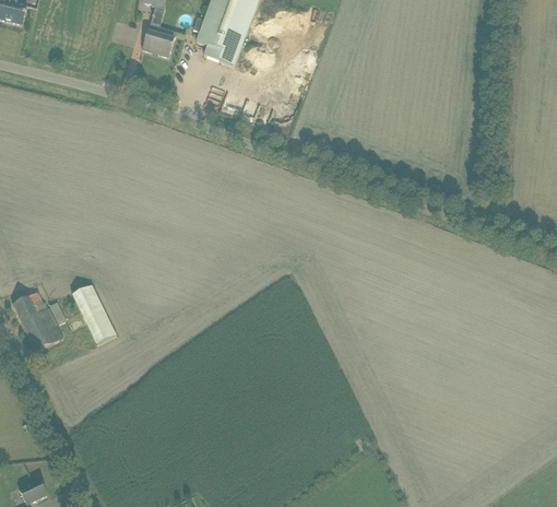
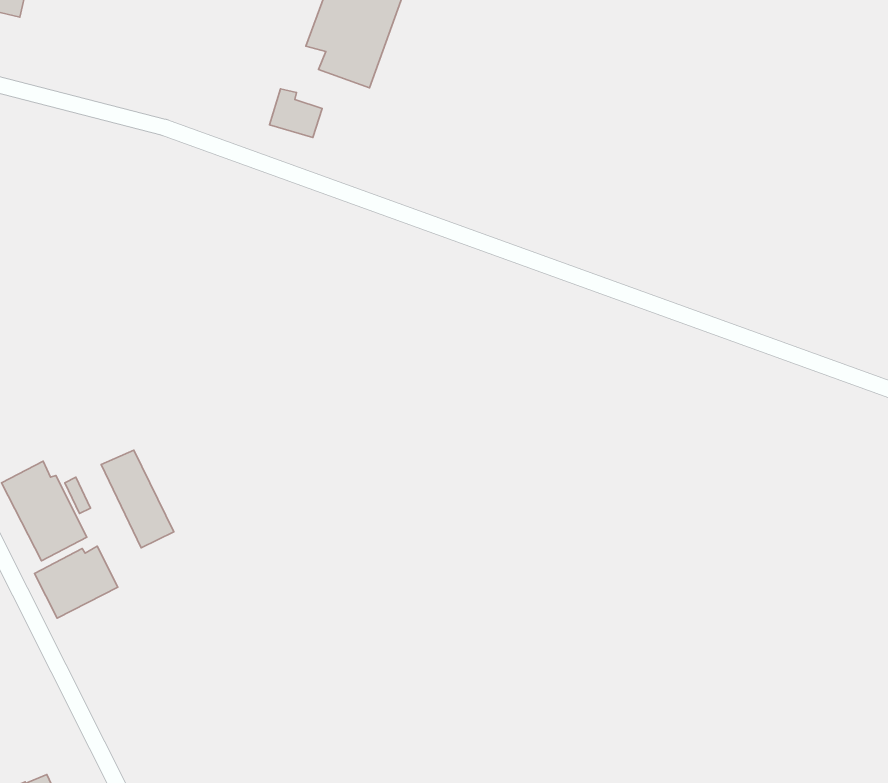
building: [142,25,174,55] -> [269,89,322,138]
building: none -> [35,546,118,618]

